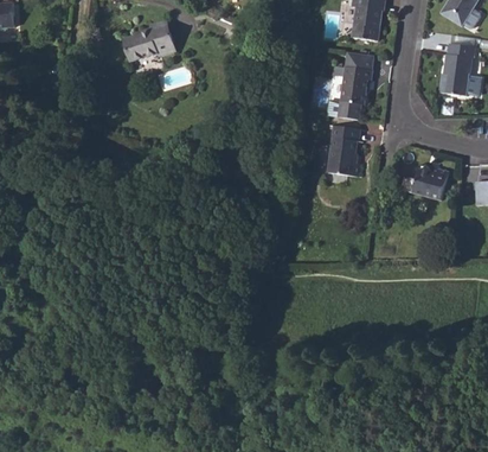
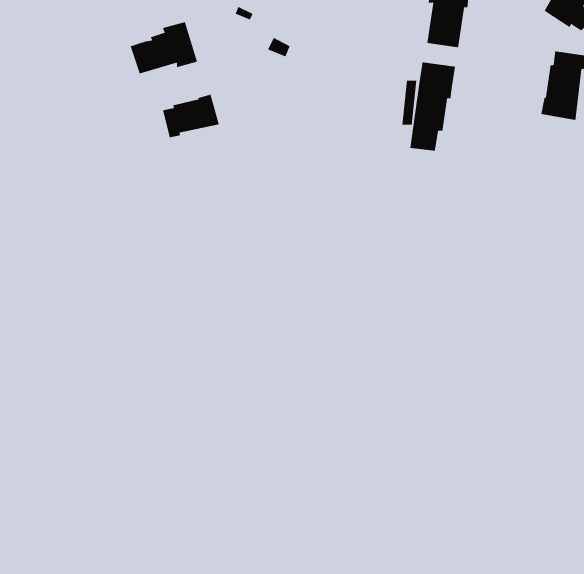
building: none -> [162,94,219,138]
building: [328,126,361,177] -> none
building: [412,167,449,199] -> none

